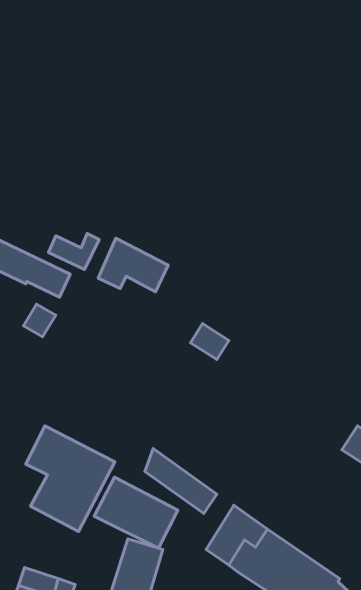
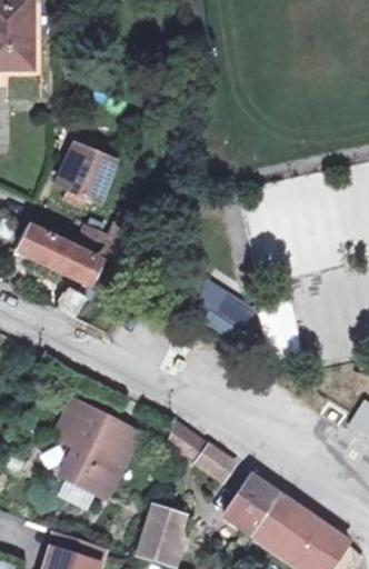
building: none -> [57,144,114,202]
building: [98,238,168,292] -> none
building: [94,477,178,548] -> none

